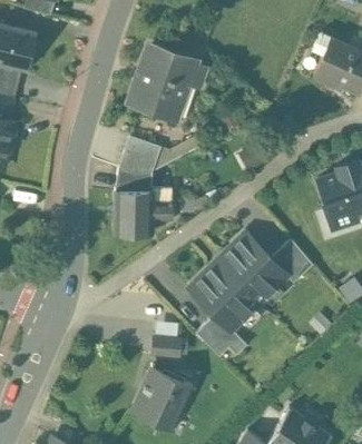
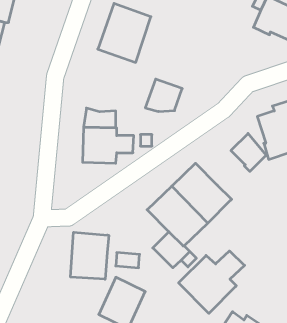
building: [117,136,160,174] -> [145,79,182,111]
building: [271,239,312,284] -> [231,133,266,171]
building: none -> [71,232,109,279]
building: none -> [179,251,245,313]

